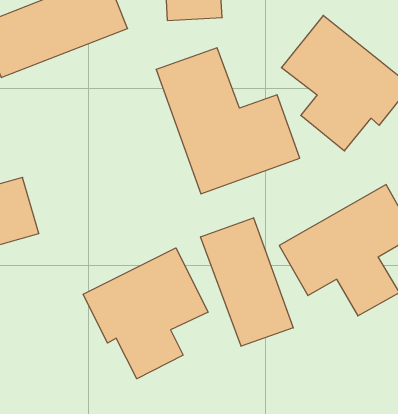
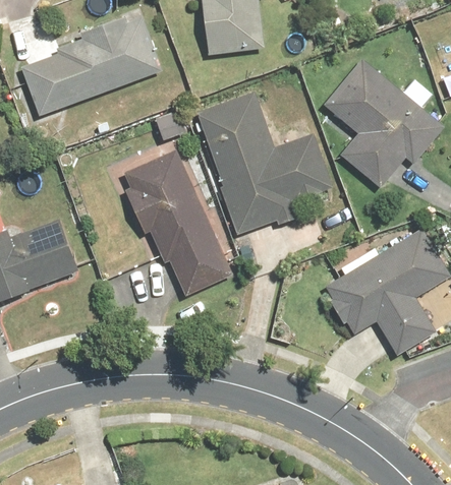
building: none -> [121,148,238,301]
building: [201,218,293,346] -> none
building: [83,248,208,379] -> none

